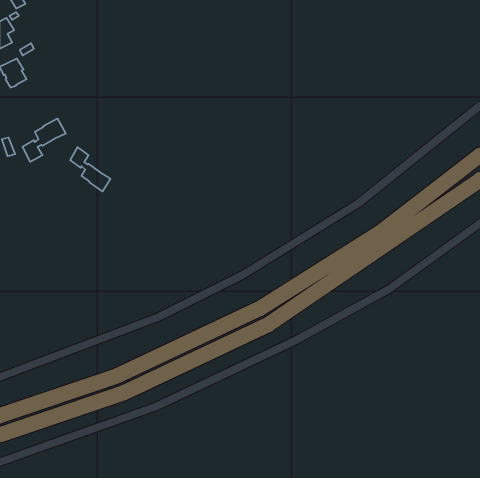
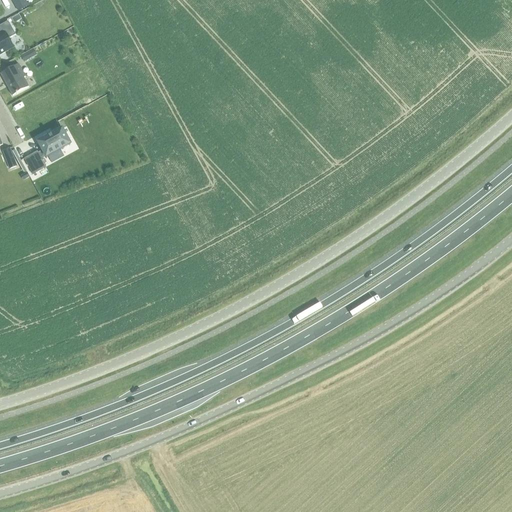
building: [70,147,110,191] -> none

